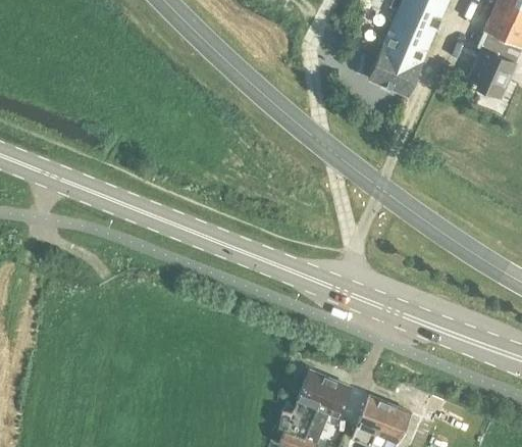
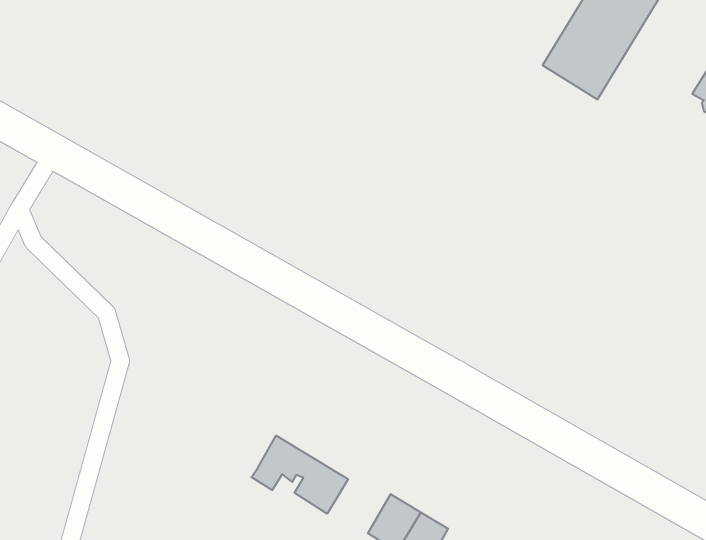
building: none -> [251,436,348,514]

